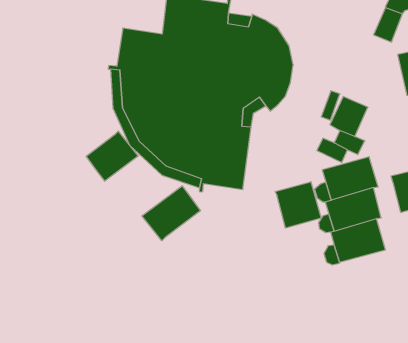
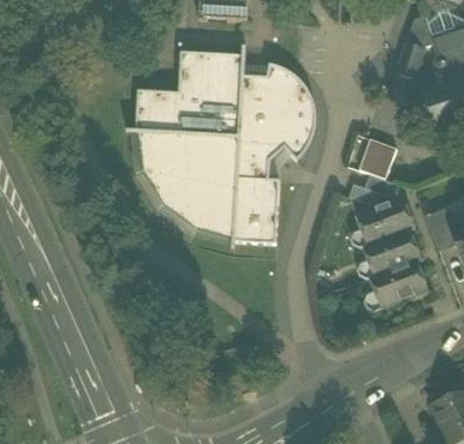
building: [86,131,138,181] -> none
building: [275,182,321,228] -> none
building: [142,186,200,241] -> none

